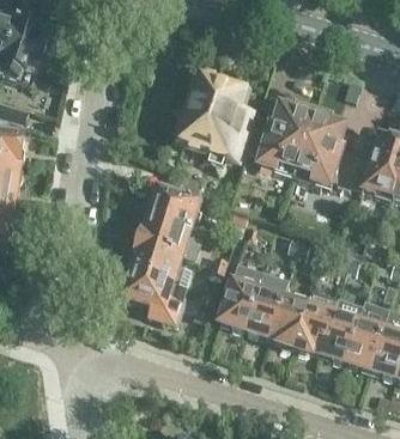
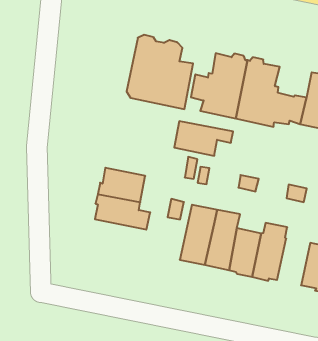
building: [147,185,212,226] -> [174,121,233,156]
building: [121,267,184,323] -> none
building: [319,309,358,360] -> none

